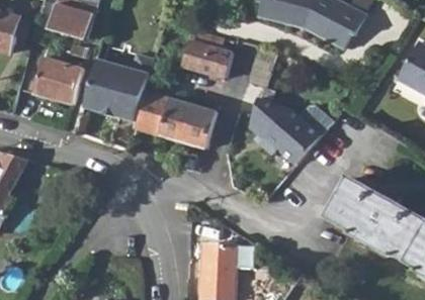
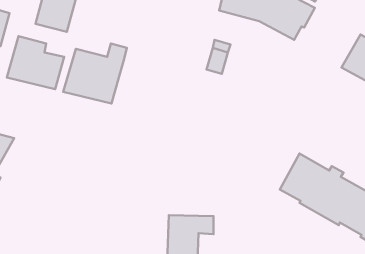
building: [179,30,231,79] -> none
building: [135,91,216,148] -> none
building: [248,98,332,164] -> none

